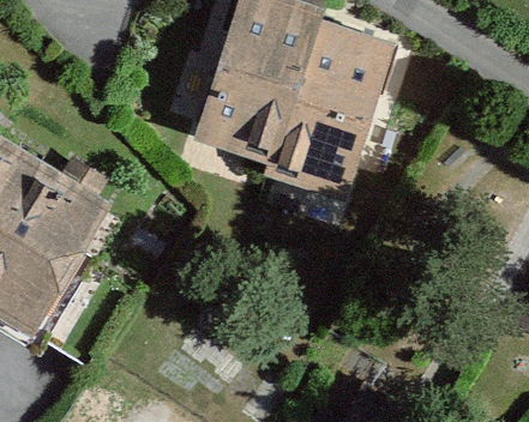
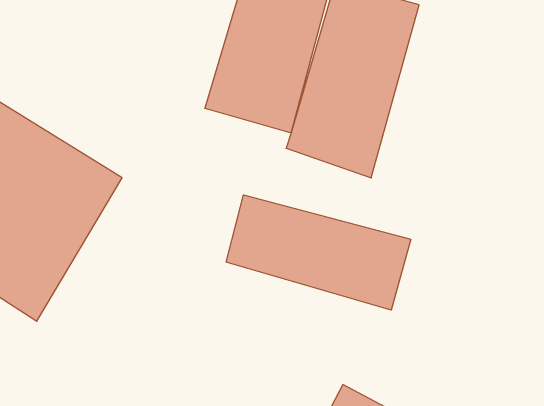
building: none -> [226,195,411,310]

